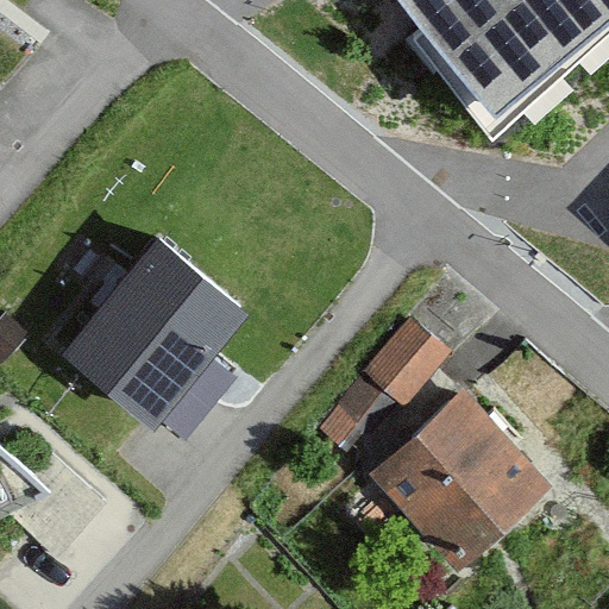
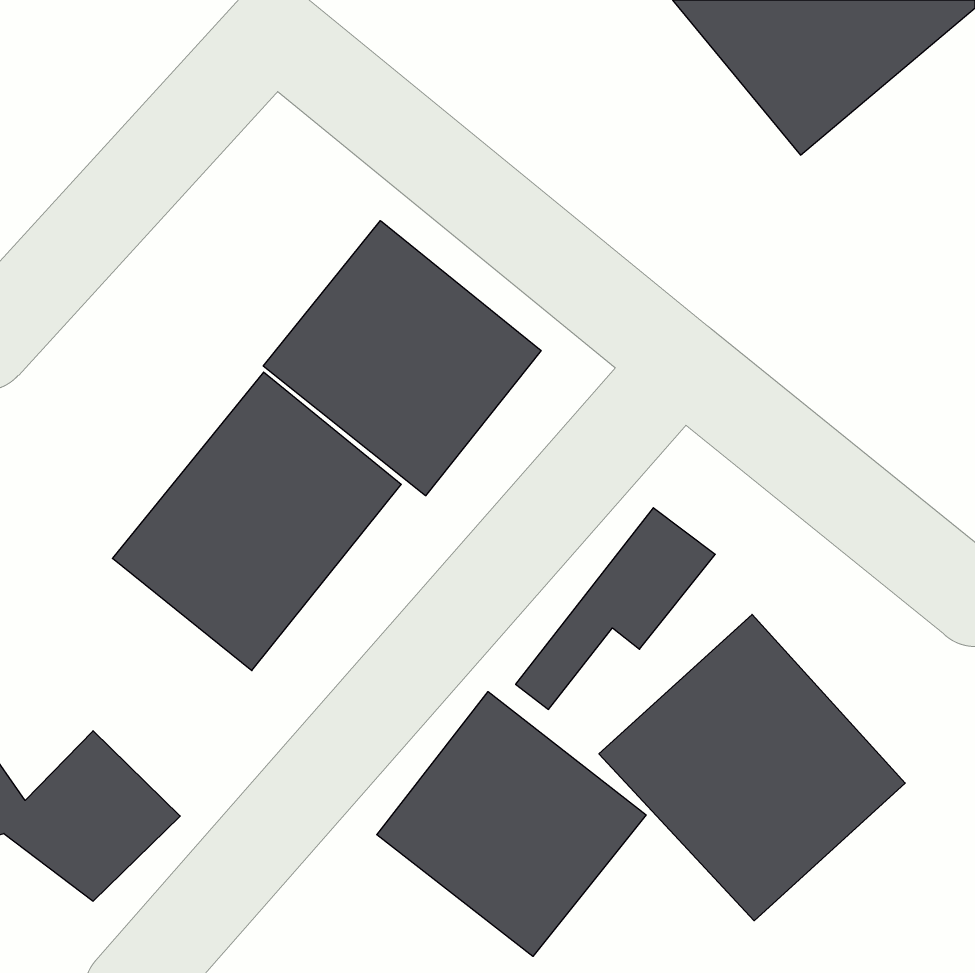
building: none -> [263,221,541,496]
building: none -> [377,692,646,956]

